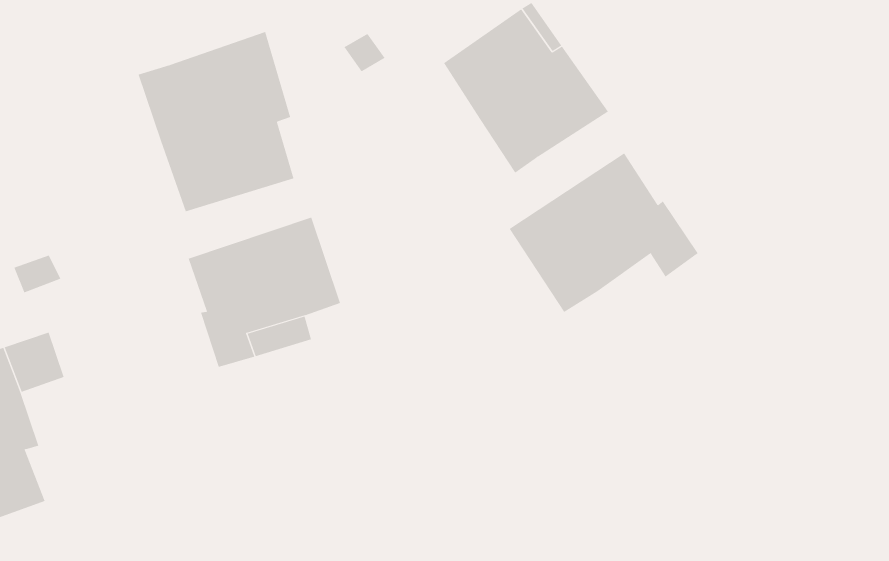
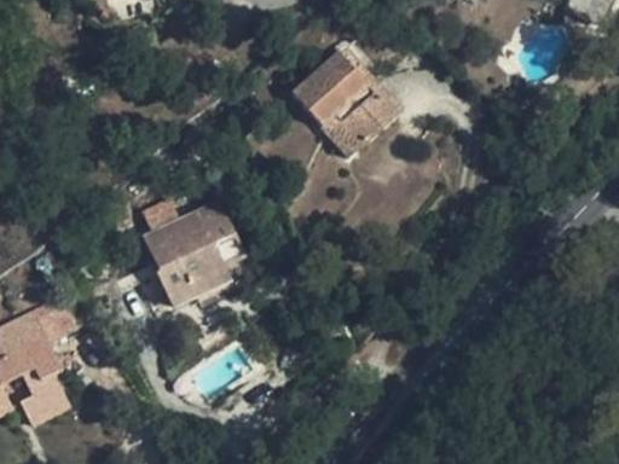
building: [138,31,294,212] -> none
building: [509,152,698,313] -> none

